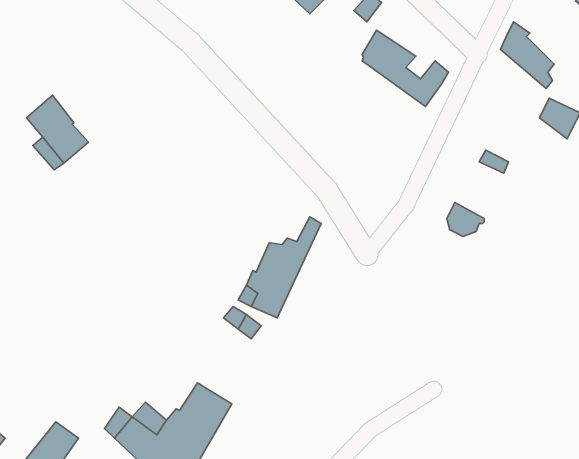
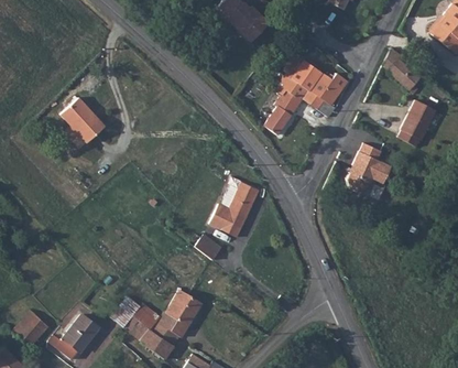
building: none -> [266,73,334,136]
building: none -> [397,111,426,145]
building: none -> [350,143,389,184]

